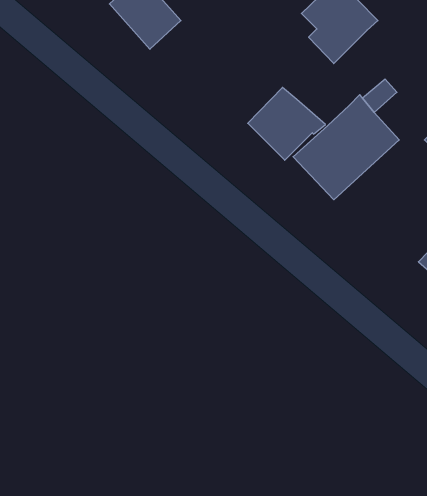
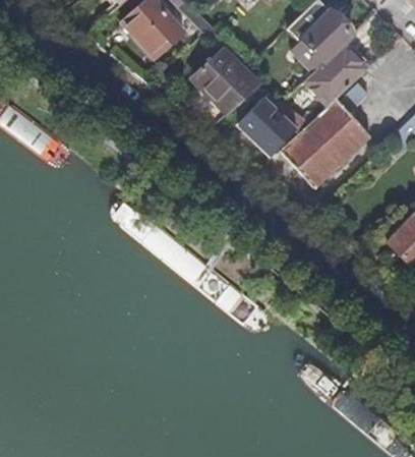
building: none -> [178,34,260,118]
building: none -> [304,43,368,107]

